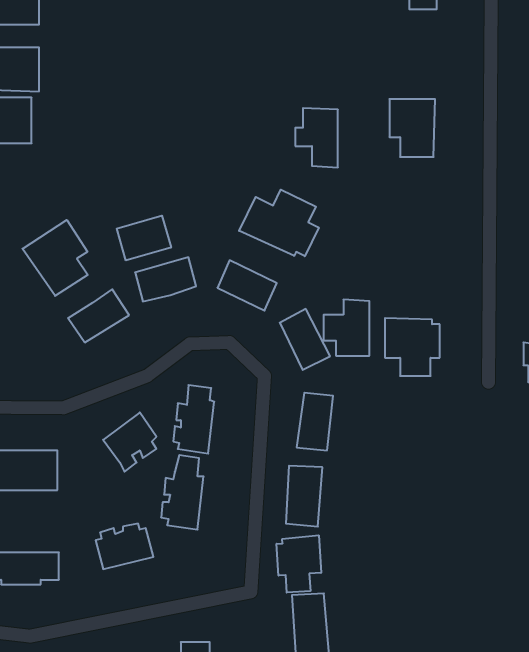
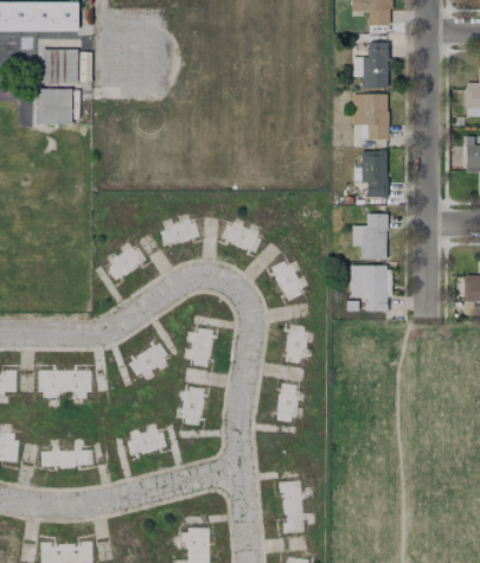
building: none -> [353,39,388,84]
building: [295,108,338,167] -> [354,149,388,196]
building: [239,190,319,256] -> none
building: [117,216,171,260] -> none
building: [22,220,88,296] -> none
building: [324,300,369,356] -> [351,211,386,255]
building: [277,535,321,593] -> none

